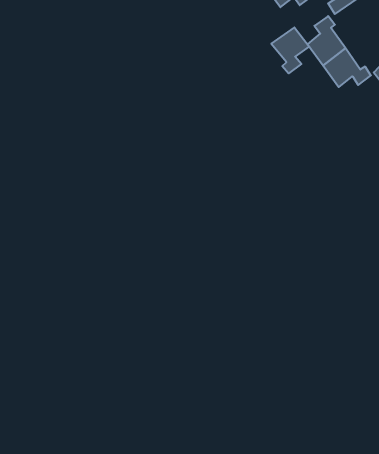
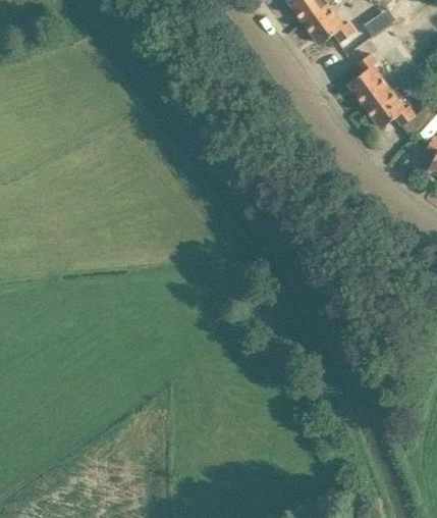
building: [271,27,309,73] -> none

